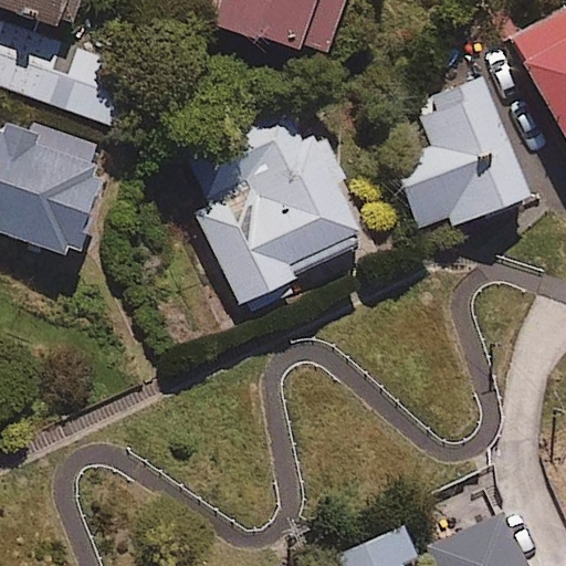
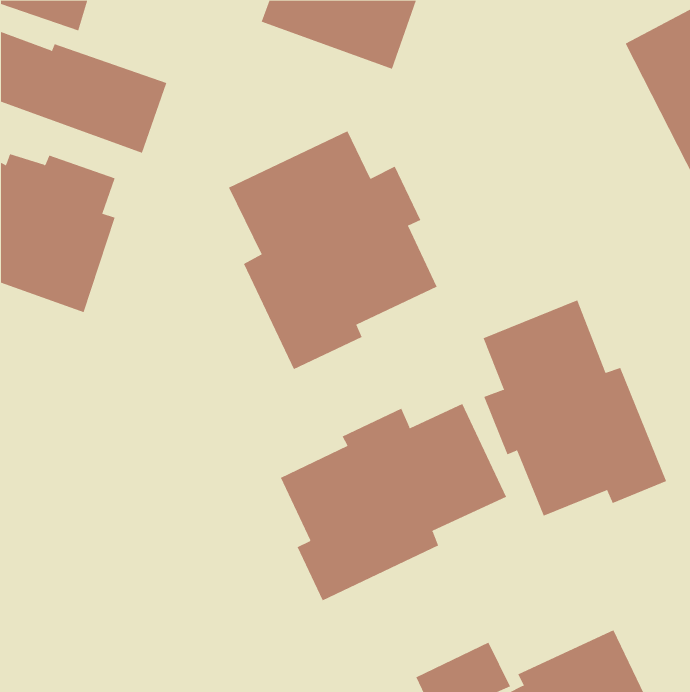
building: [394,77,528,228] -> none
building: none -> [483,300,667,517]
building: none -> [280,403,507,601]

